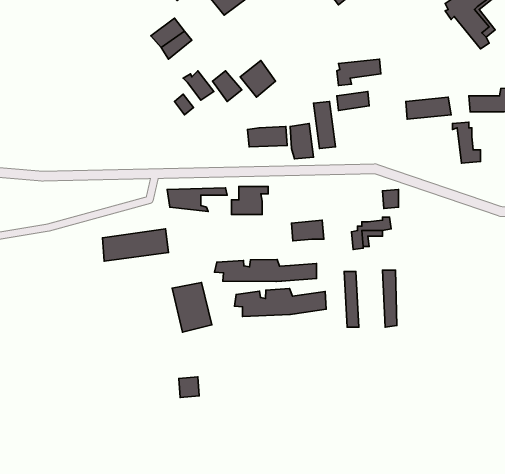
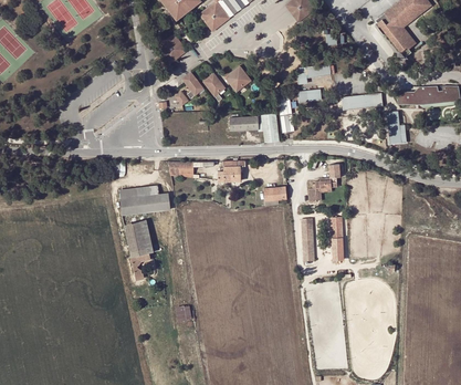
building: [214,259,317,281] -> none
building: [172,282,212,332] -> [124,220,154,258]
building: [235,288,326,317] -> none

